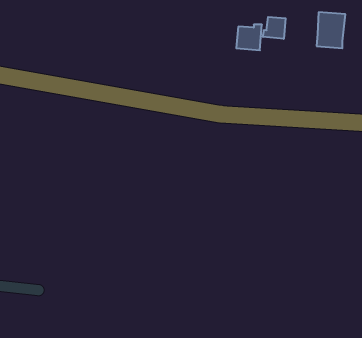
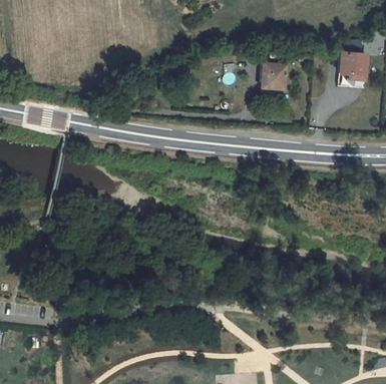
building: [263,17,286,39] -> none

